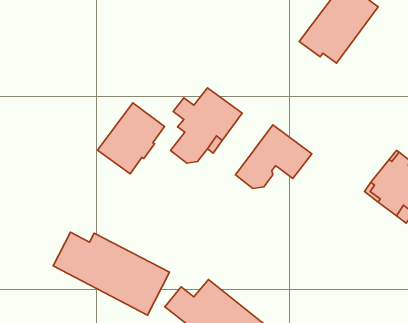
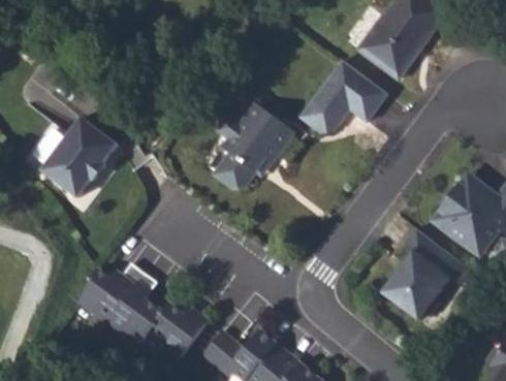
building: [97,103,165,174] -> [38,119,115,199]
building: [236,125,312,189] -> [298,60,385,132]
building: none -> [379,228,469,320]

